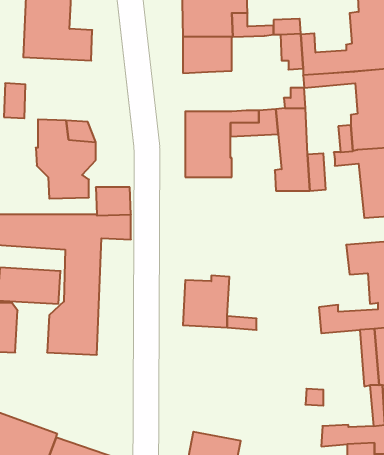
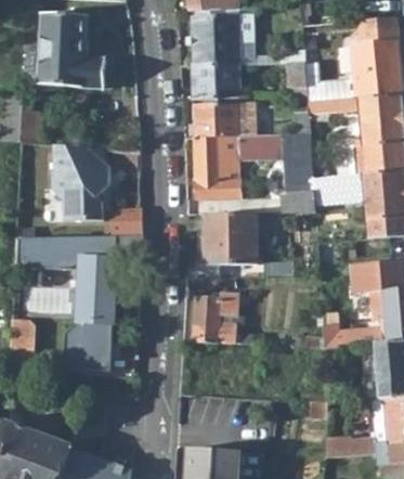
building: none -> [192,102,253,137]
building: none -> [205,213,258,266]

